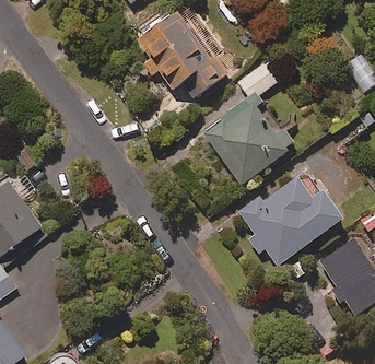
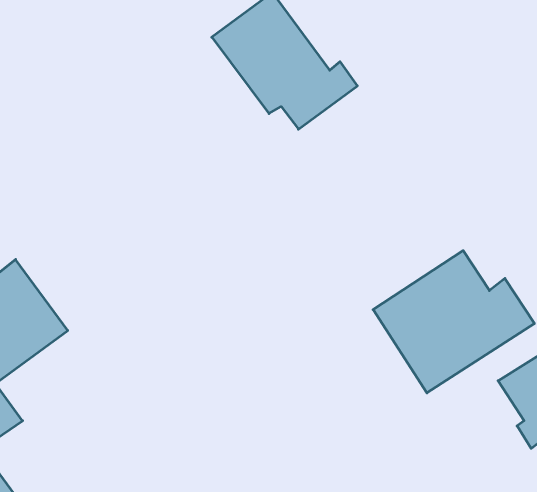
building: [201,60,291,184] -> none

